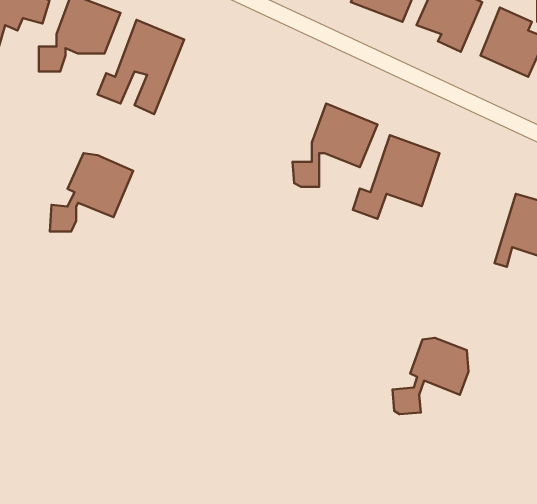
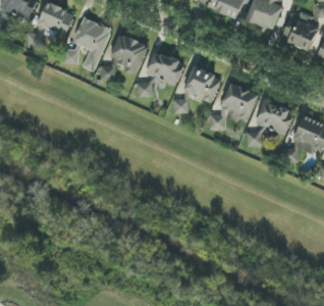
building: none -> [137,53,183,97]
building: [50,153,133,231] -> [100,36,148,81]
building: [392,338,469,414] -> [246,103,289,147]

